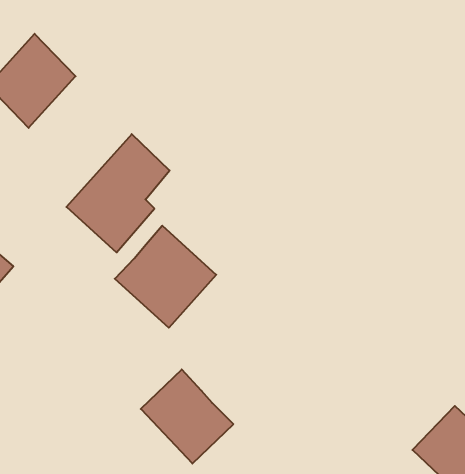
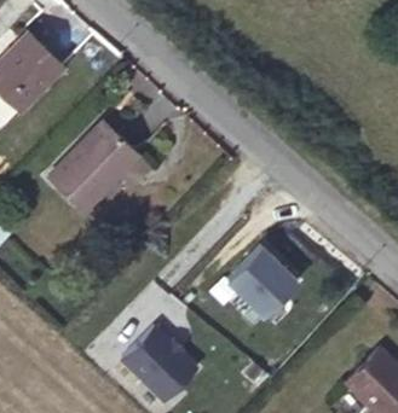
building: [115,226,216,328] -> none
building: none -> [223,235,294,307]

